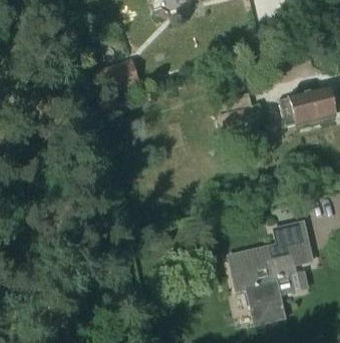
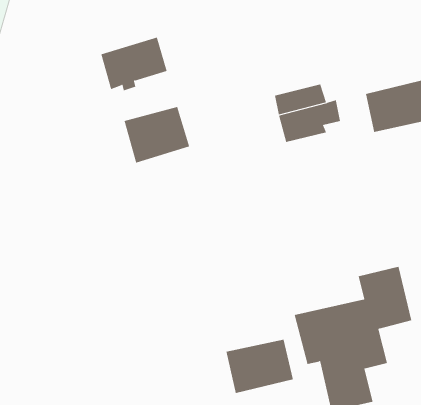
building: none -> [124,106,190,163]
building: none -> [226,339,294,394]

